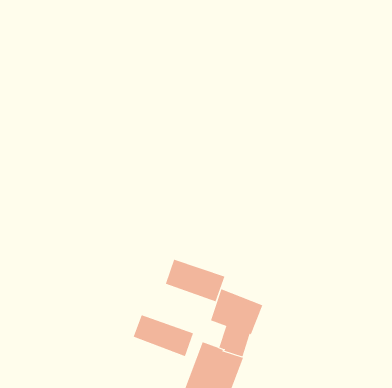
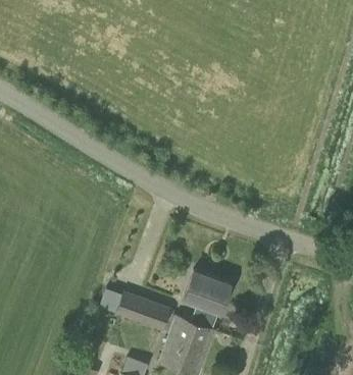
building: [165,259,225,302] -> none

